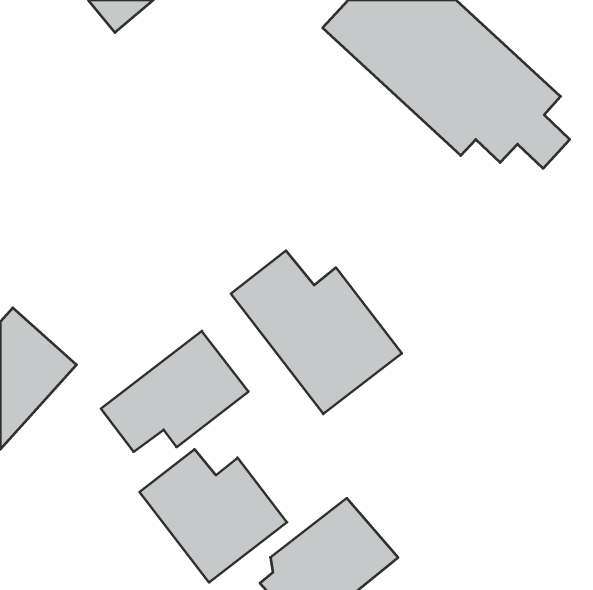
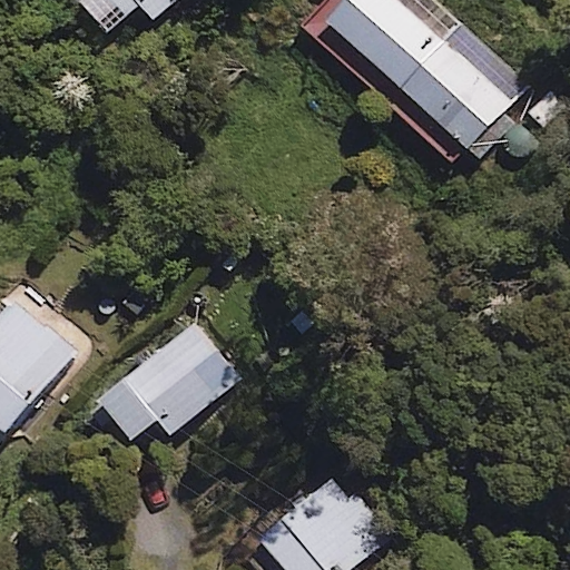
building: [231,251,402,414] -> none
building: [140,449,287,582] -> none

